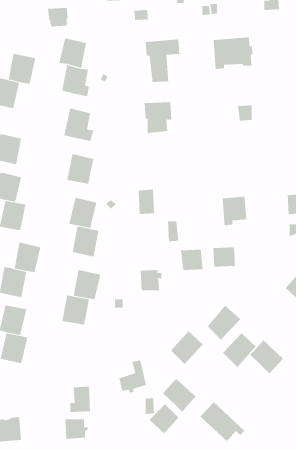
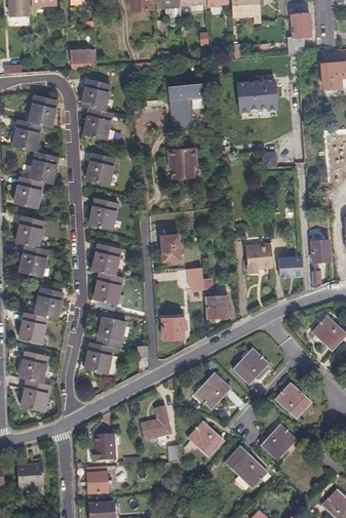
building: none -> [31,152,60,184]
building: [212,247,236,267] -> [280,253,304,274]
building: [222,332,257,368] -> [260,426,295,462]
building: [149,403,179,434] -> none

